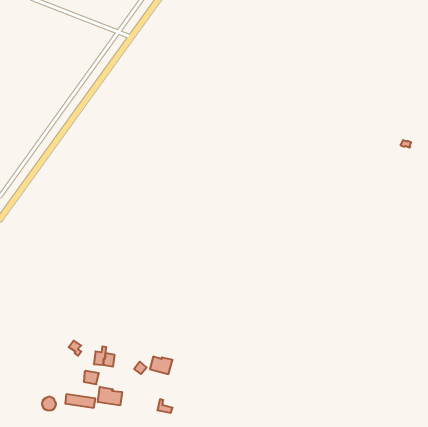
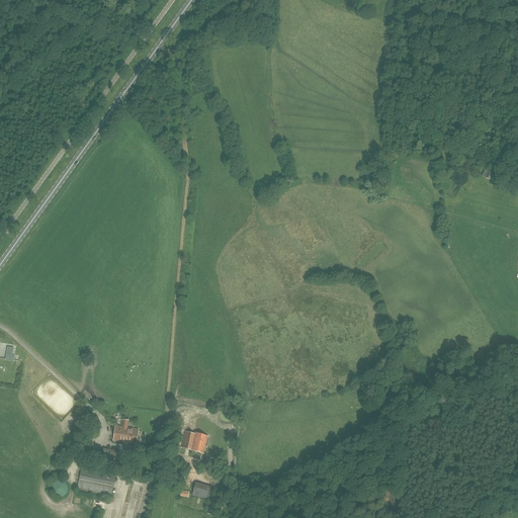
building: [98,387,122,405] -> none

